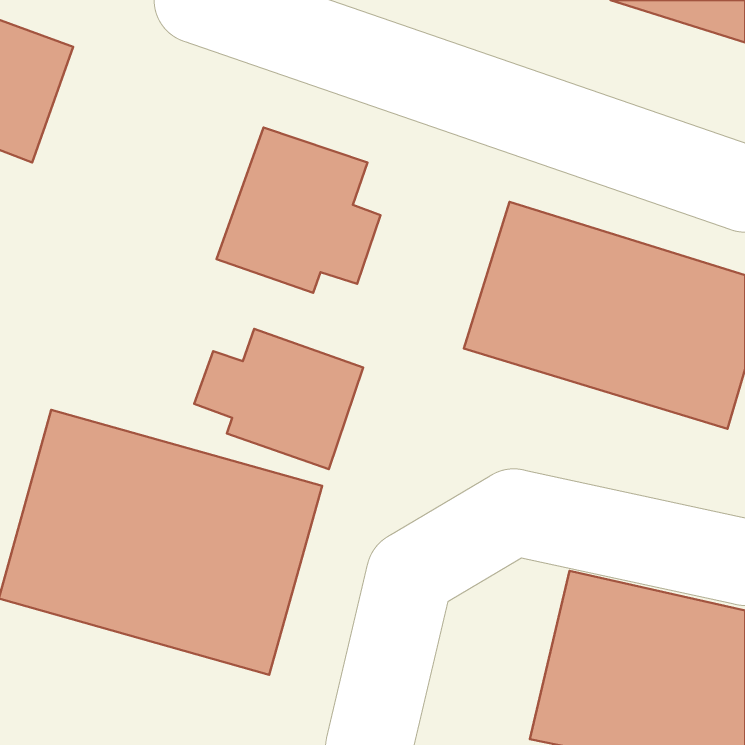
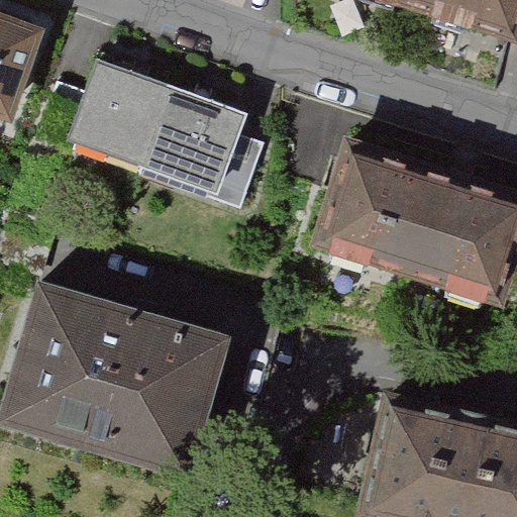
building: none -> [39,63,182,181]
building: [194,329,363,469] -> none

